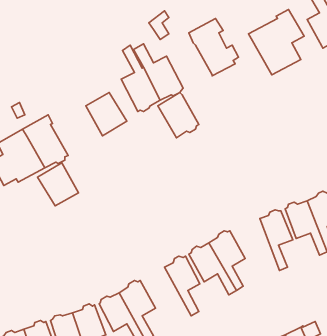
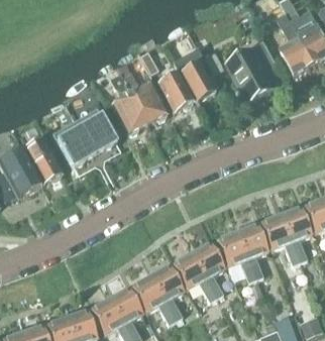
building: [158,93,199,138] -> [157,71,195,112]
building: [38,163,79,206] -> [58,128,95,167]
building: none -> [218,231,256,280]
building: none -> [132,275,176,323]

